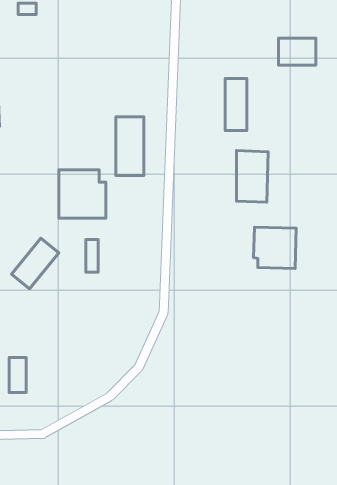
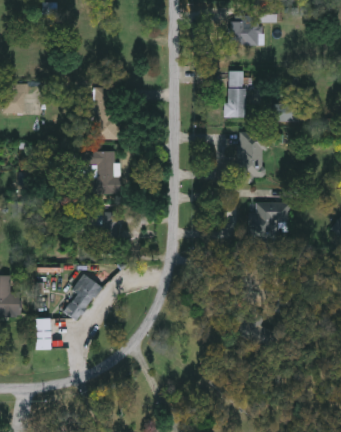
building: [279,38,316,65] -> [229,20,262,44]
building: [116,117,144,175] -> [94,87,119,139]
building: [12,238,59,289] -> [60,275,102,320]

